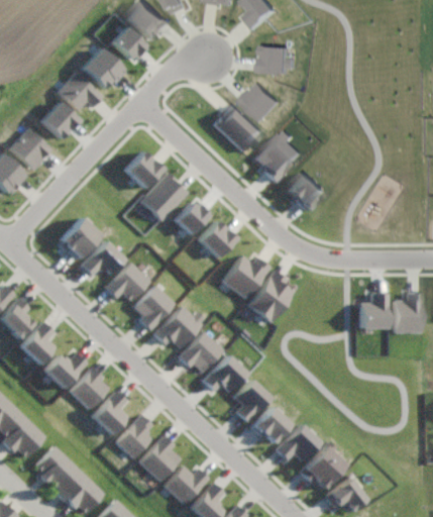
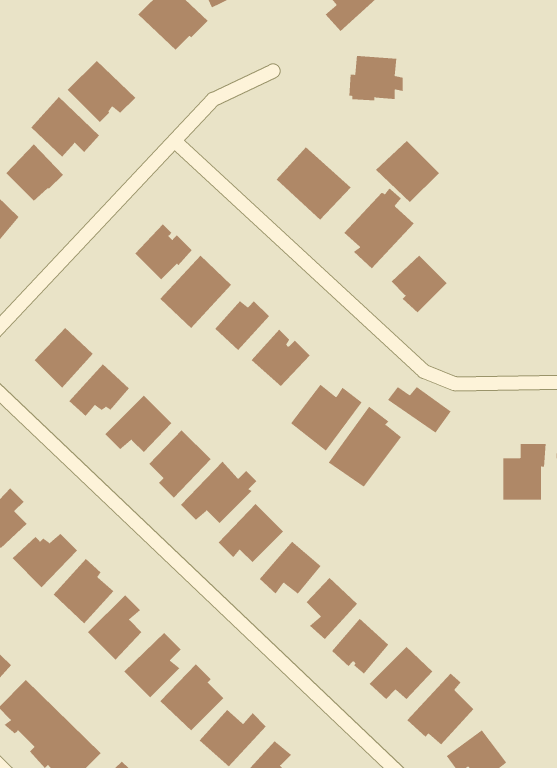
building: [111,27,146,59] -> none
building: [240,82,282,122] -> [375,140,440,203]
building: none -> [387,386,452,434]

